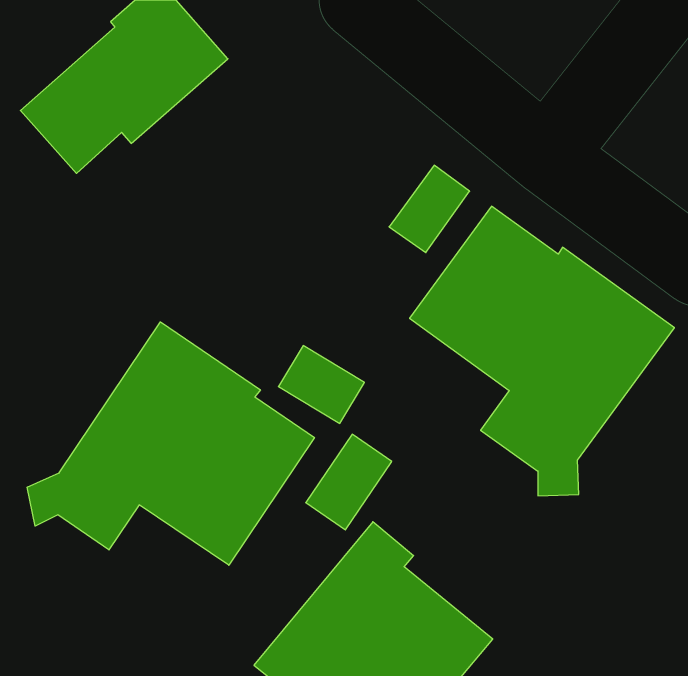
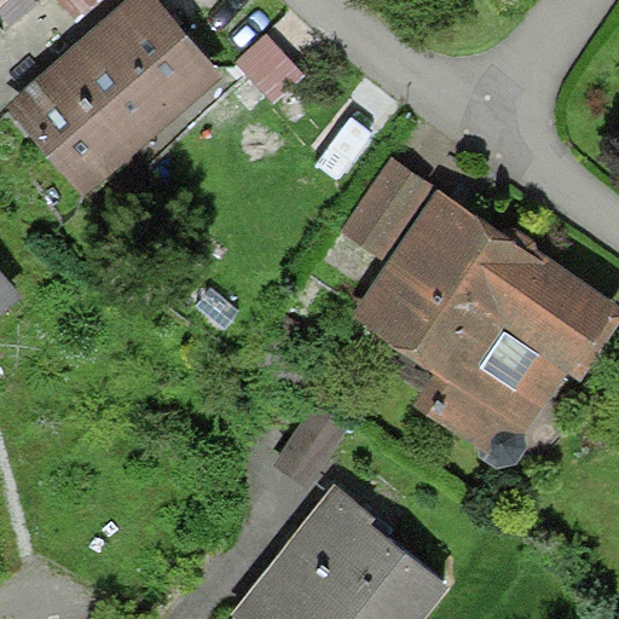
building: [27,322,314,565] -> none

